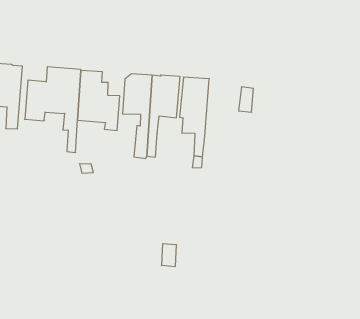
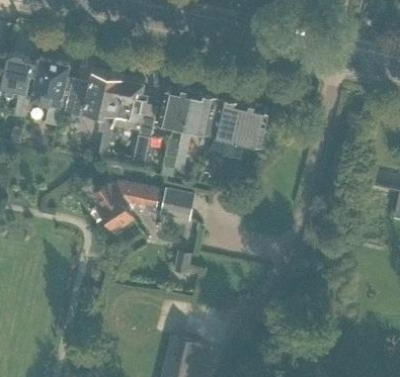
building: none -> [232,104,267,160]
building: none -> [93,182,157,229]
building: none -> [160,189,195,223]

